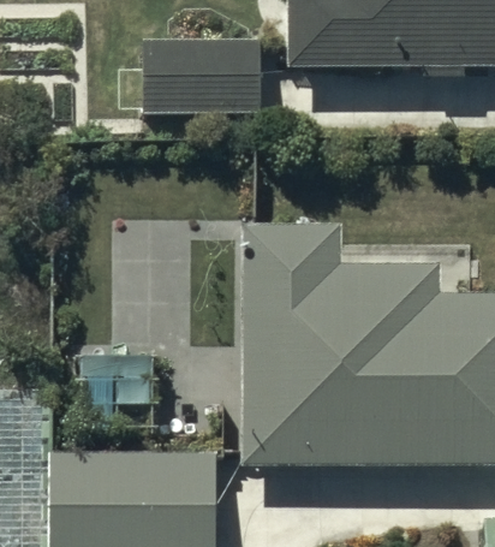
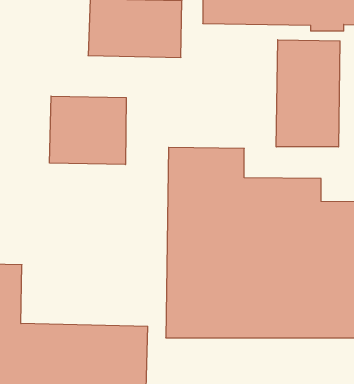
building: none -> [276,40,340,147]
building: none -> [50,96,126,165]

